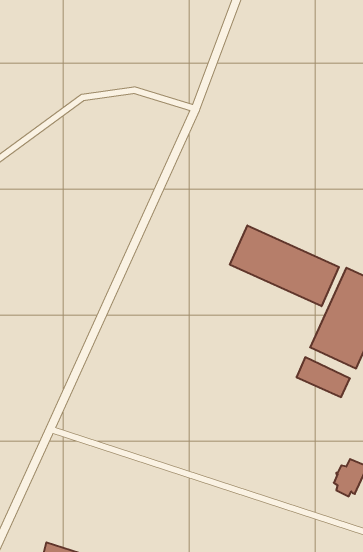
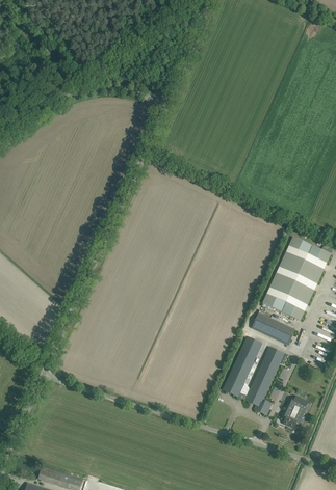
building: [230,225,339,306] -> none
building: none -> [223,336,284,414]

